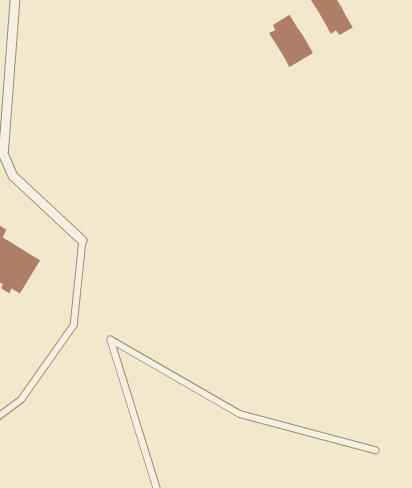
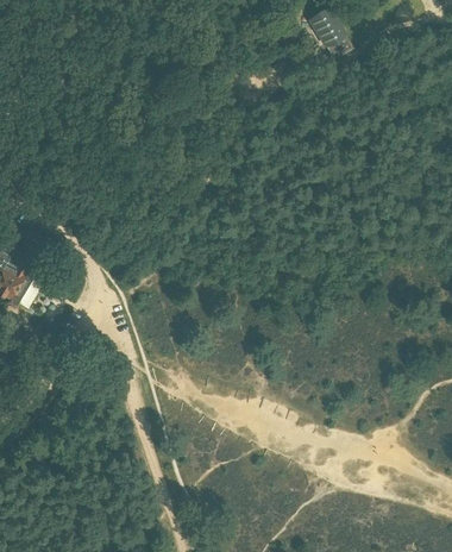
building: [268,14,314,68] -> none

